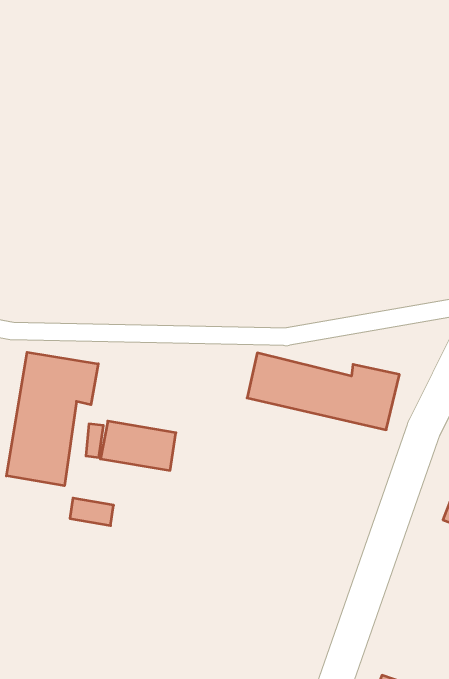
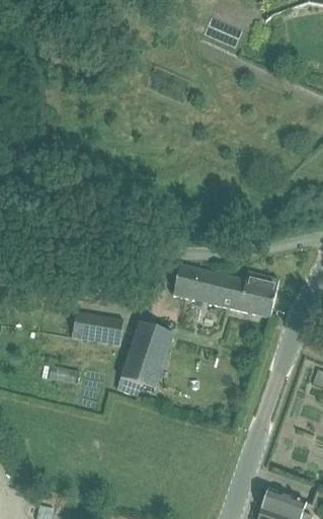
building: [6,352,98,486] -> none
building: none -> [116,322,174,394]

